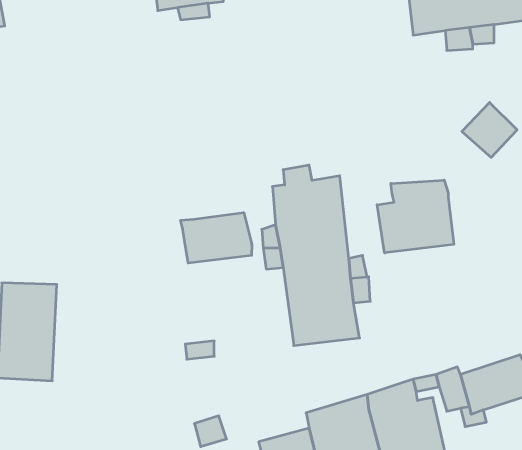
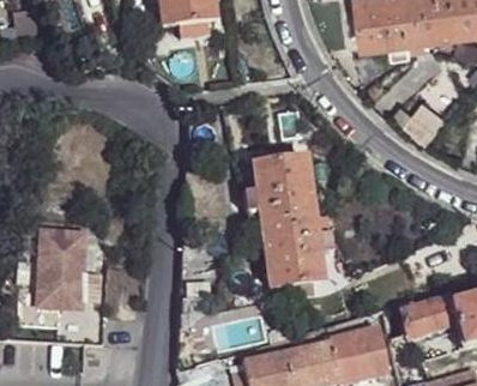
building: [377,180,454,253] -> none
building: [181,213,252,263] -> none

